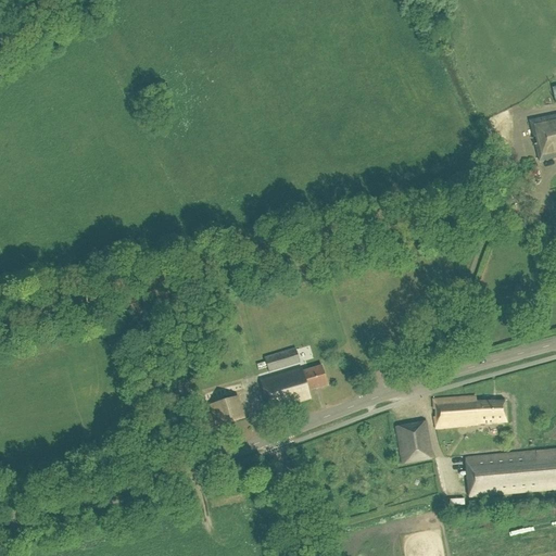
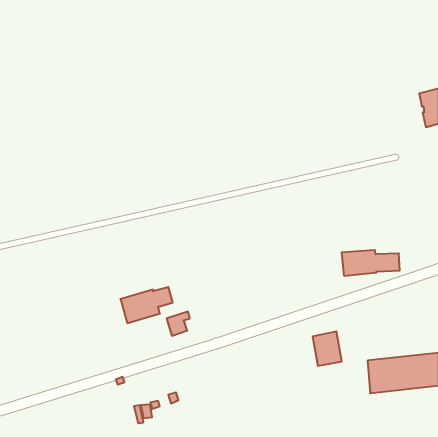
building: [266,345,301,369] -> none
building: [262,363,328,408] -> [120,287,173,323]
building: [433,394,507,427] -> [341,250,400,276]

